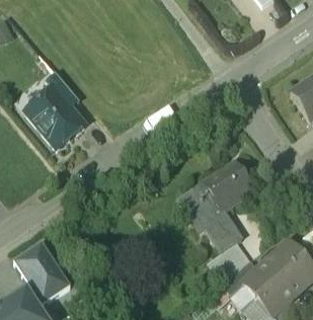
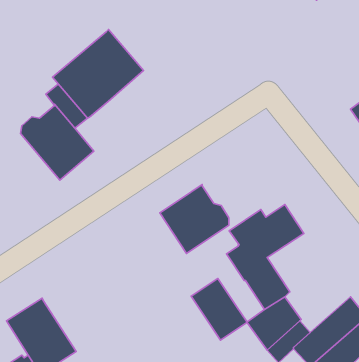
building: none -> [53,29,143,118]
building: none -> [160,185,229,254]
building: none -> [191,278,247,340]

